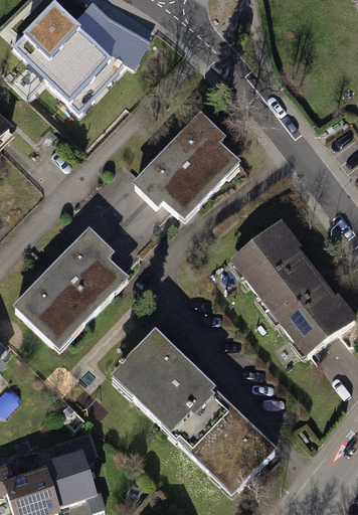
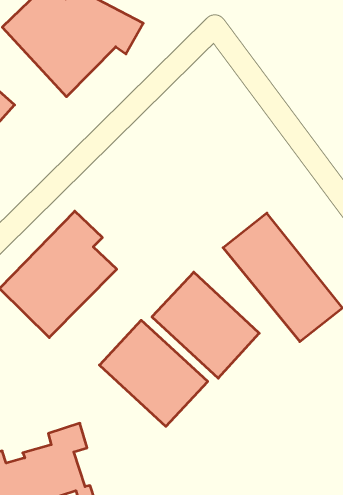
building: [133,114,239,223] -> none
building: [175,391,281,496] -> [152,272,259,378]

